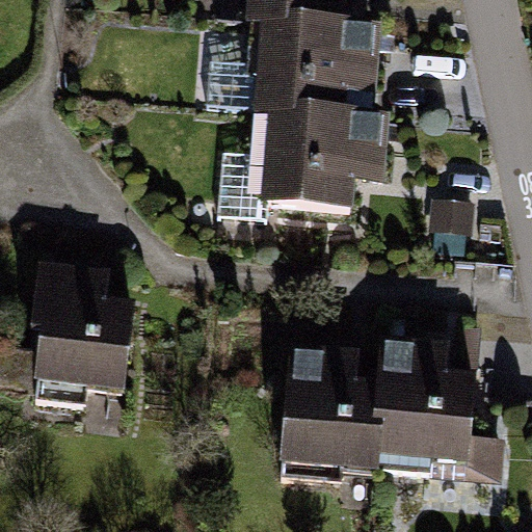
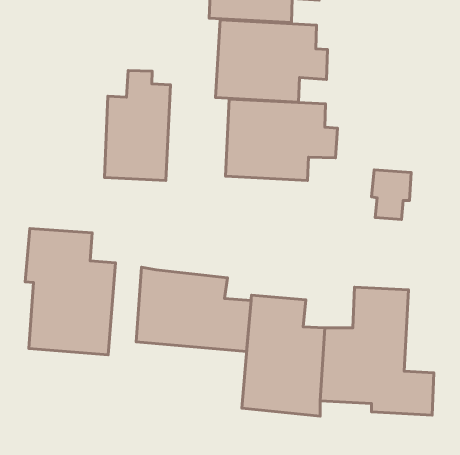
building: none -> [104,70,171,181]
building: none -> [136,267,251,352]

